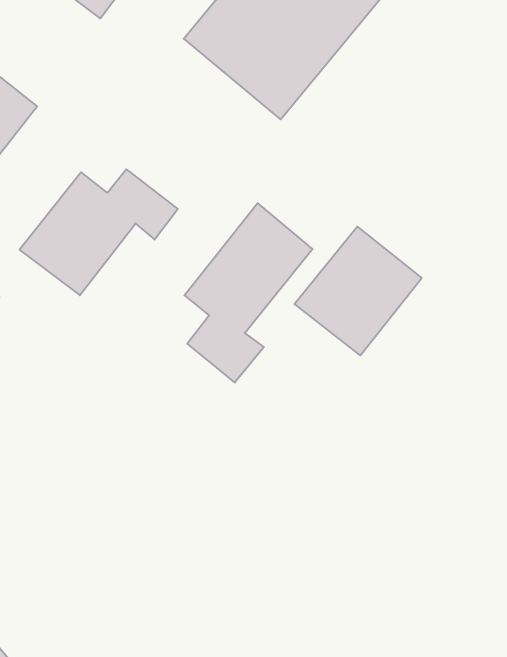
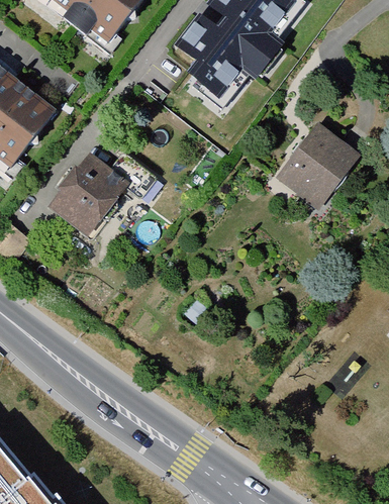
building: [184,203,313,383] -> none
building: [294,227,422,355] -> [275,121,363,210]

